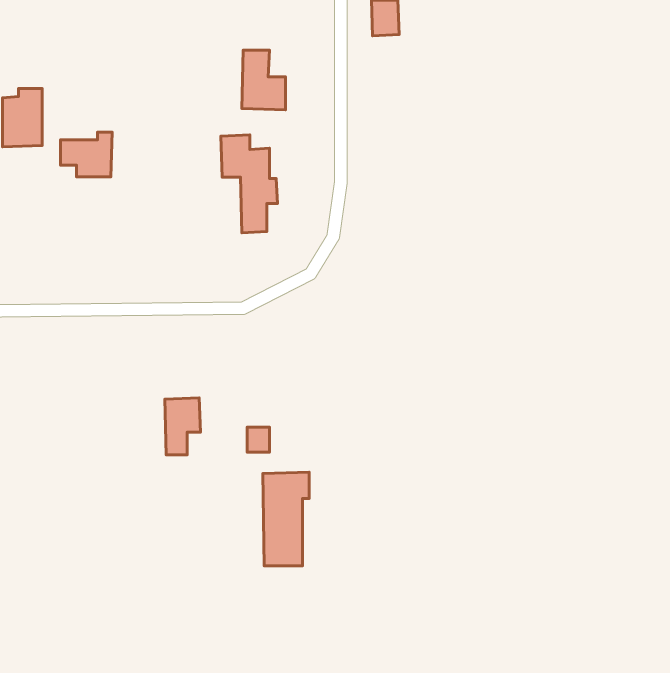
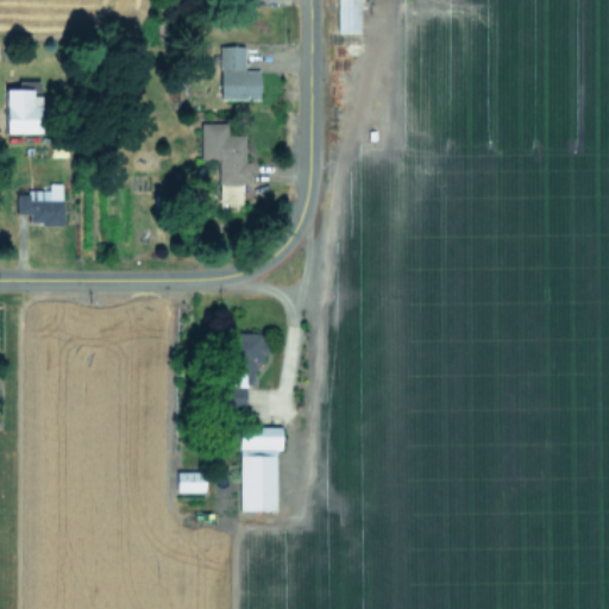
building: [61,132,112,177] -> [19,186,65,226]
building: [165,398,200,455] -> [237,333,269,384]
building: none -> [178,473,207,492]

